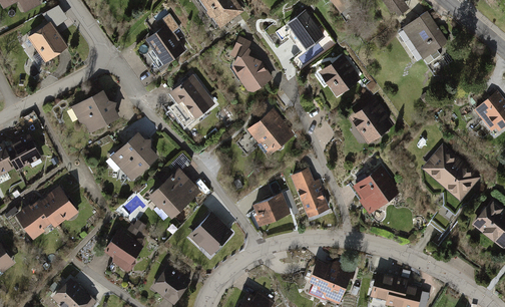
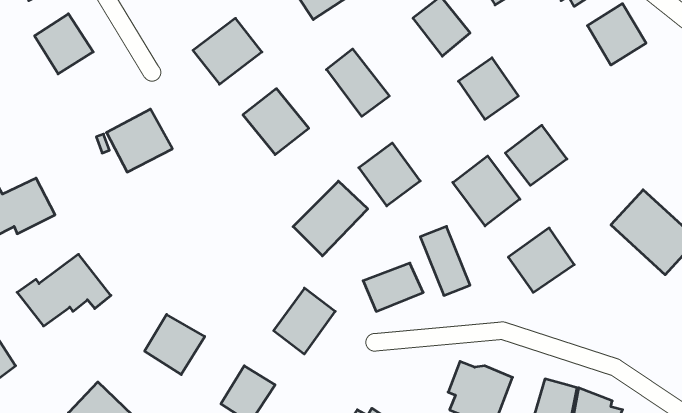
building: none -> [453,156,520,226]
building: [111,129,163,182] -> none
building: [147,168,198,219] -> [293,181,368,256]

